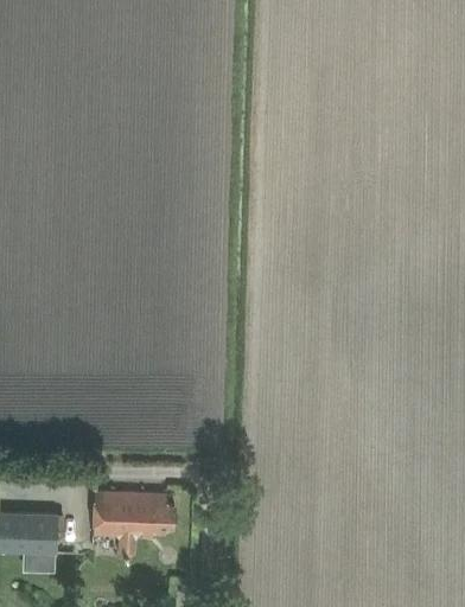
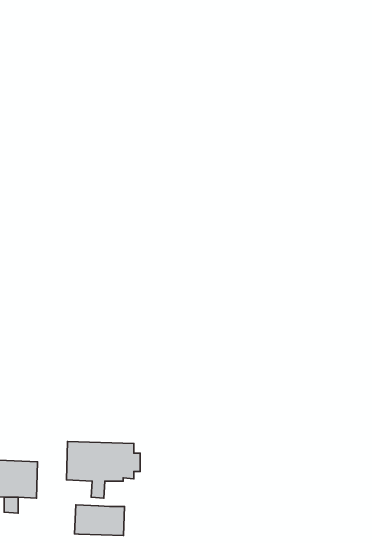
building: none -> [75,505,125,535]

